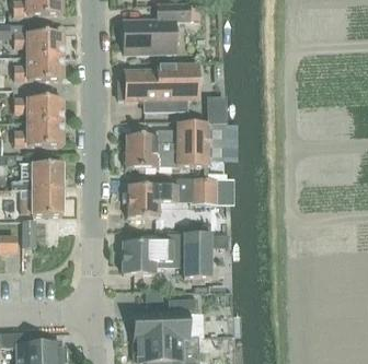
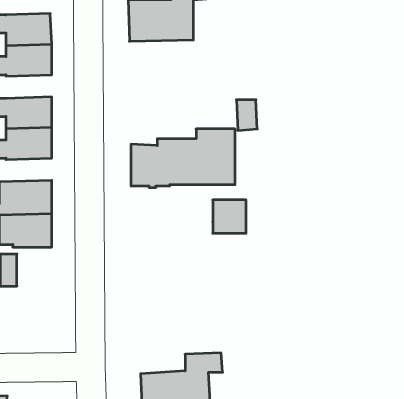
building: [125,62,198,110] -> none
building: [128,177,191,216] -> none
building: [124,233,211,277] -> none

